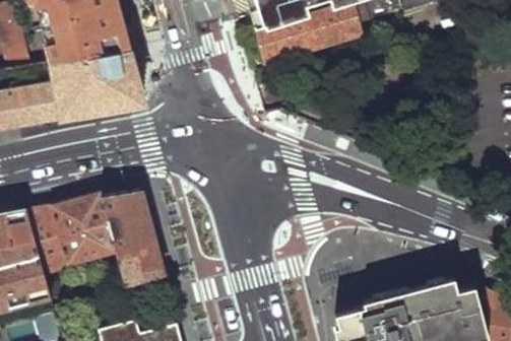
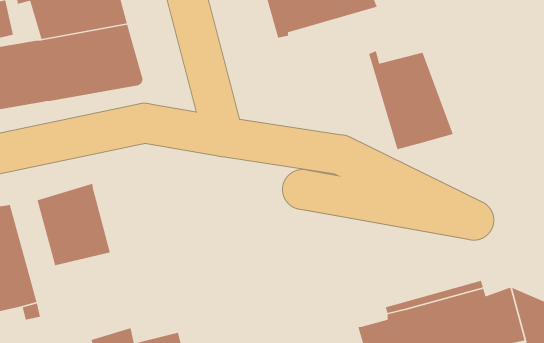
building: none -> [368,50,454,150]
building: [101,188,164,284] -> none
building: [25,206,65,272] -> none

